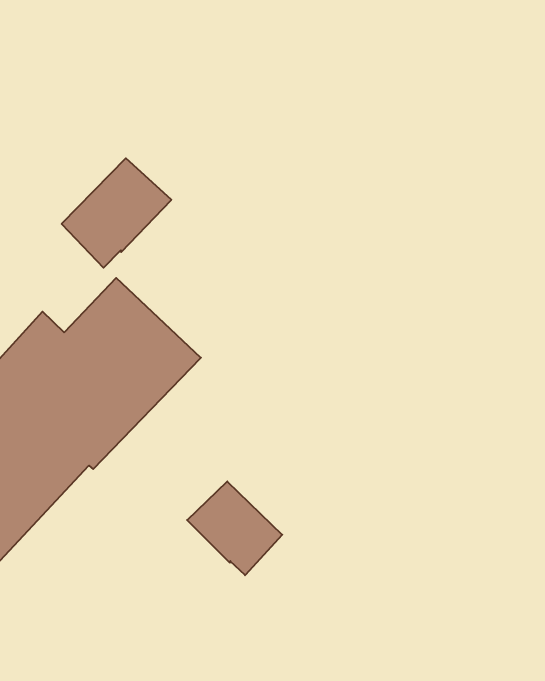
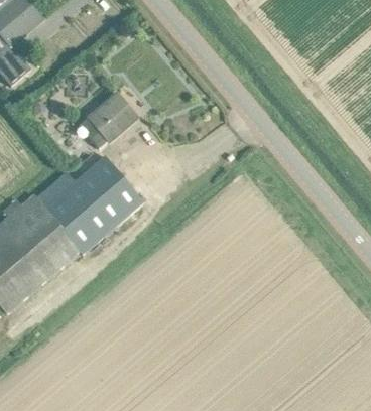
building: [187,481,282,575] -> none

